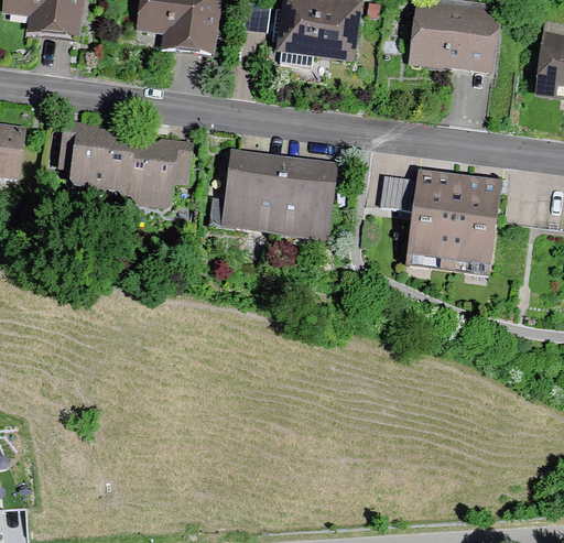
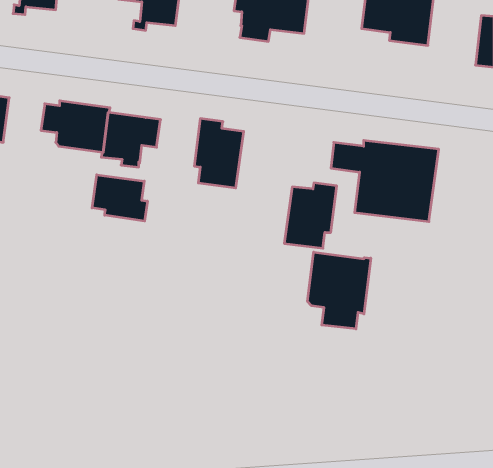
building: [275,161,334,234] -> [284,183,337,248]
building: none -> [92,175,147,221]
building: none -> [308,252,371,329]

